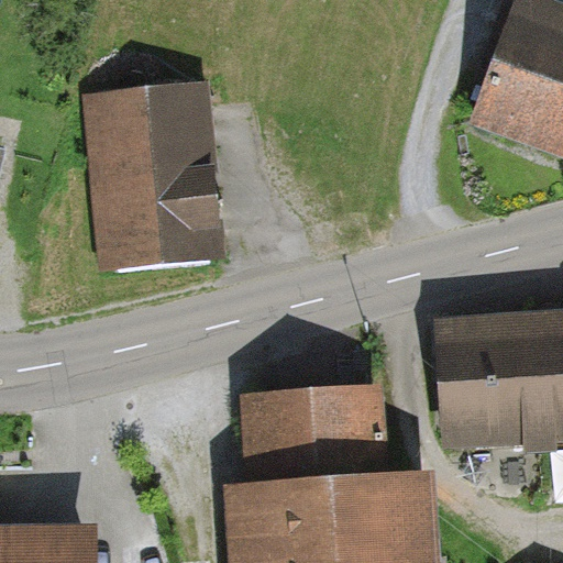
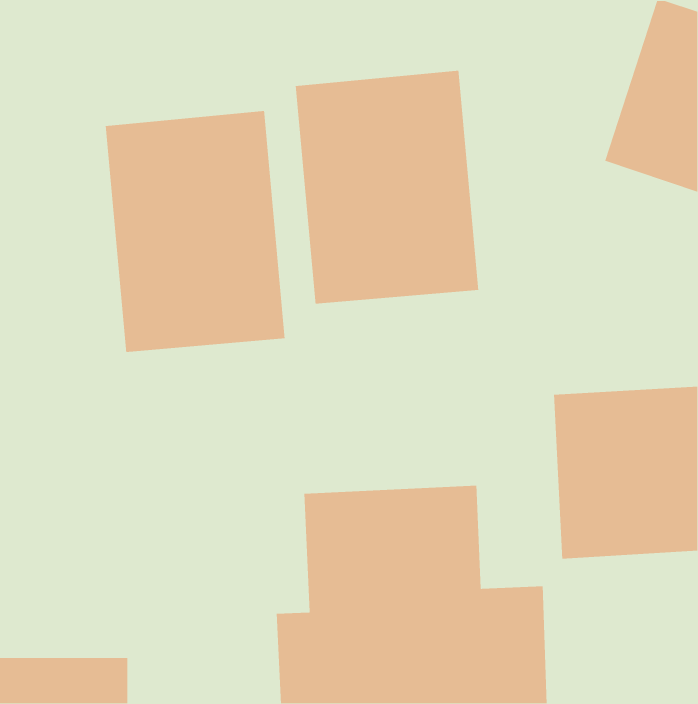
building: none -> [295,70,479,305]

